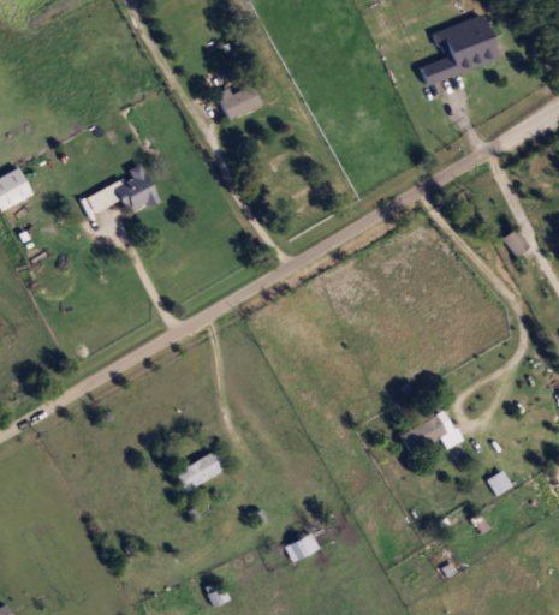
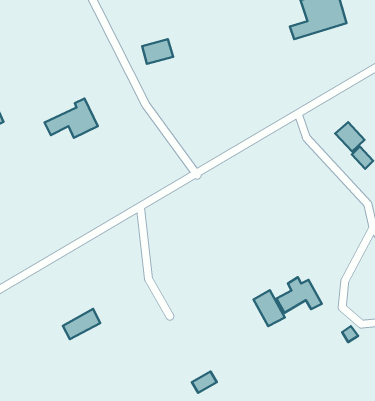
building: none -> [335,122,364,152]
building: none -> [254,290,285,326]
building: [177,449,227,490] -> [63,309,100,339]

